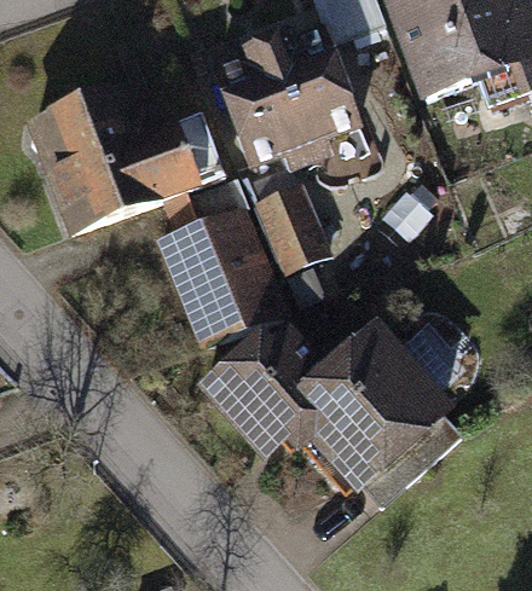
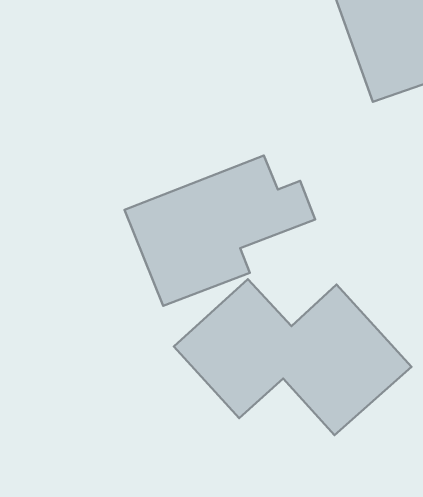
building: [206,10,372,170] -> none
building: [28,86,214,228] -> none

